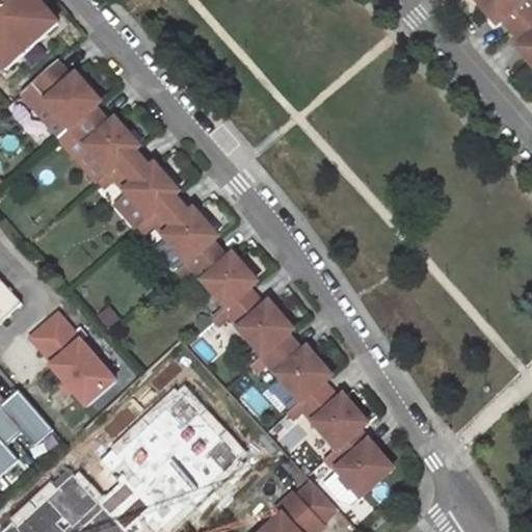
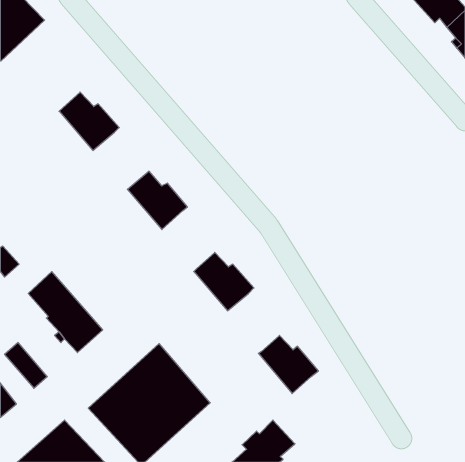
building: [28,60,97,127] -> none
building: [106,151,176,216] -> none
building: [185,240,254,307] -> none
building: [259,335,327,401] -> none
building: [331,429,390,496] -> none

